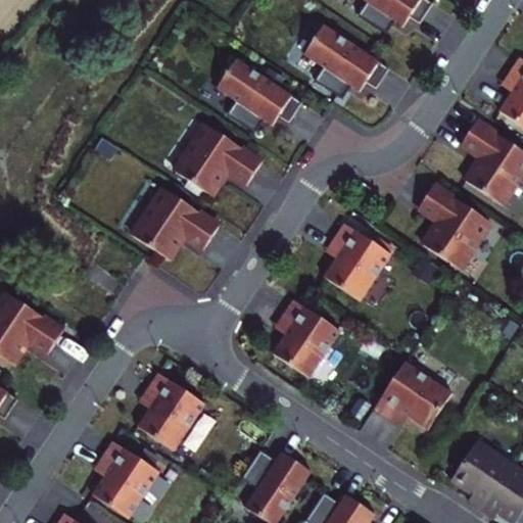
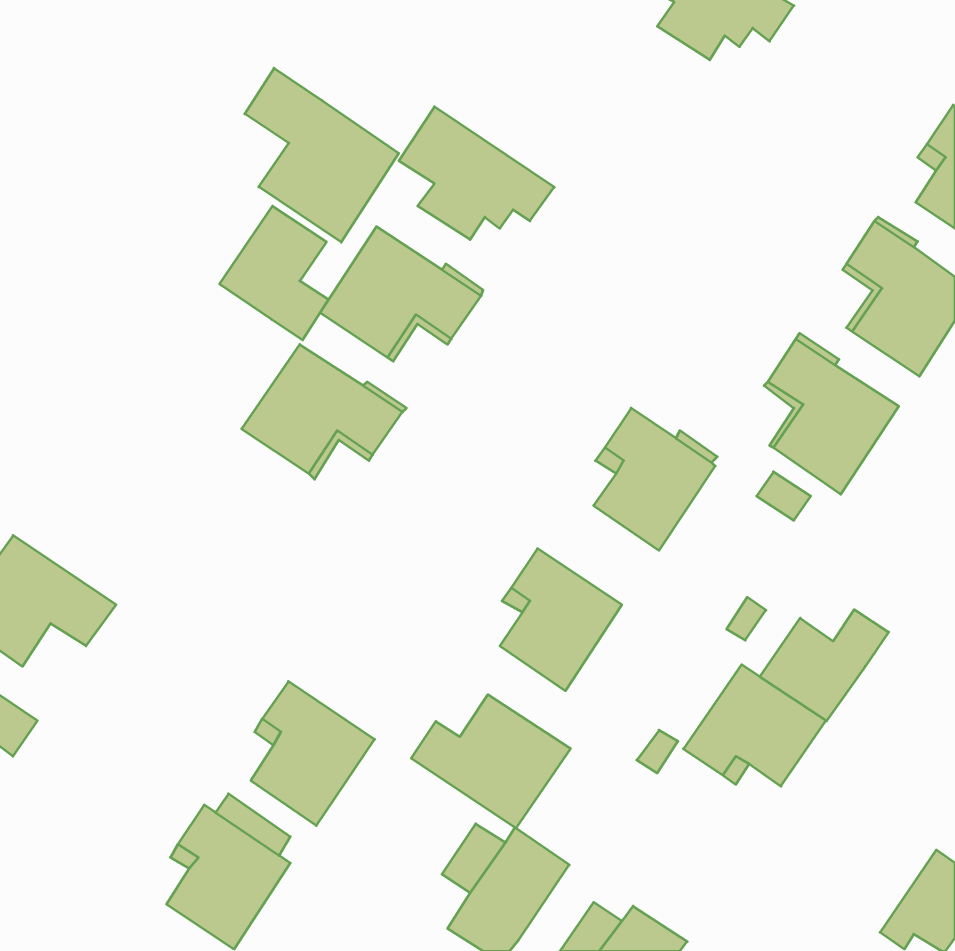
building: [305,25,389,98] -> none
building: none -> [245,68,399,242]
building: none -> [220,206,329,340]
building: none -> [760,610,889,721]
building: none -> [411,695,570,828]
building: [451,440,511,509] -> none

